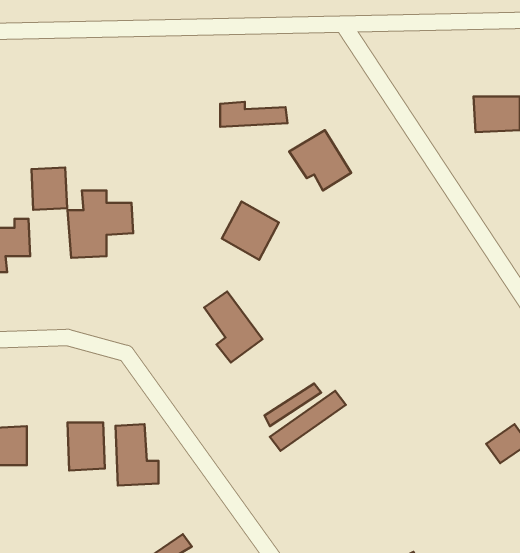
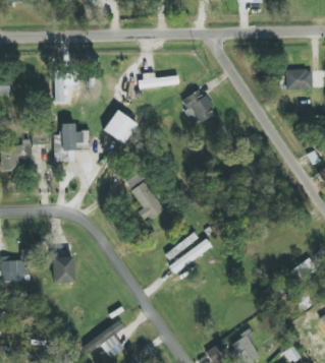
building: [32,167,67,210] -> [53,74,73,99]
building: [222,201,279,260] -> [104,110,137,143]
building: [116,424,158,486] -> none

